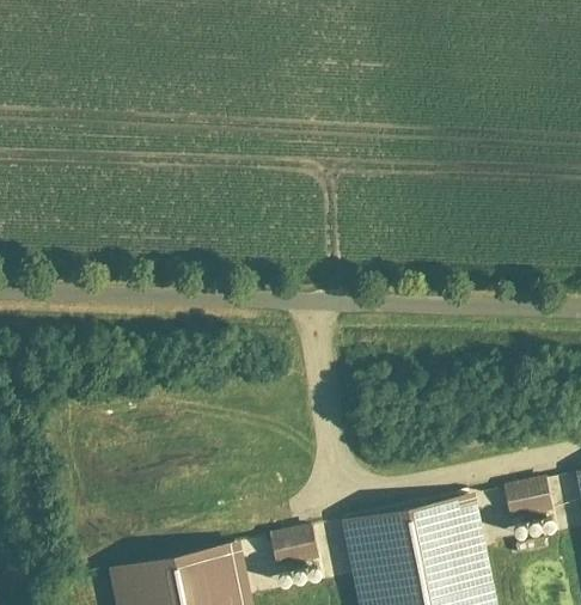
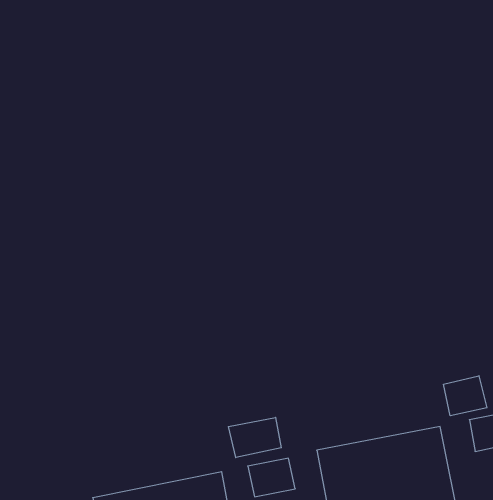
building: none -> [444,376,487,416]
building: none -> [228,417,281,458]

